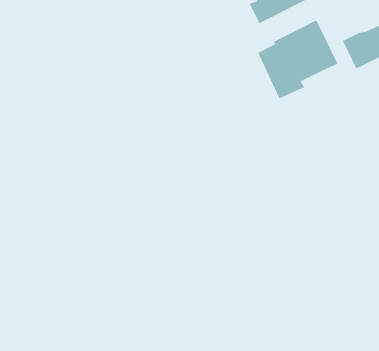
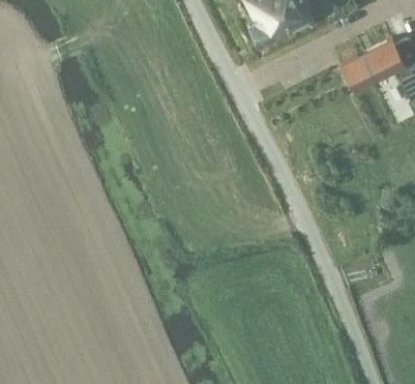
building: [258,20,338,99] -> none

